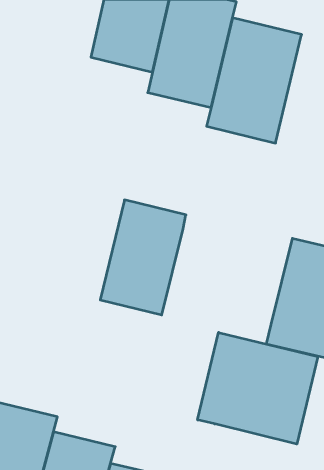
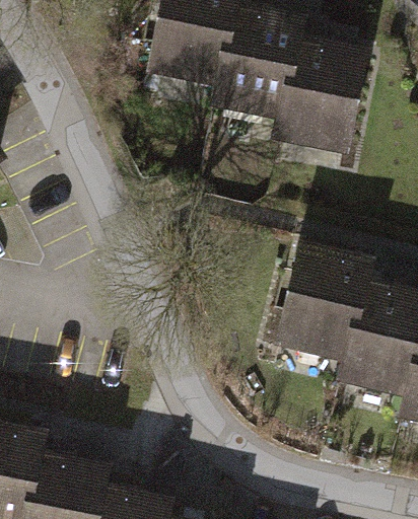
building: [100,200,186,315] -> [271,232,364,357]
building: [198,332,318,444] -> none

